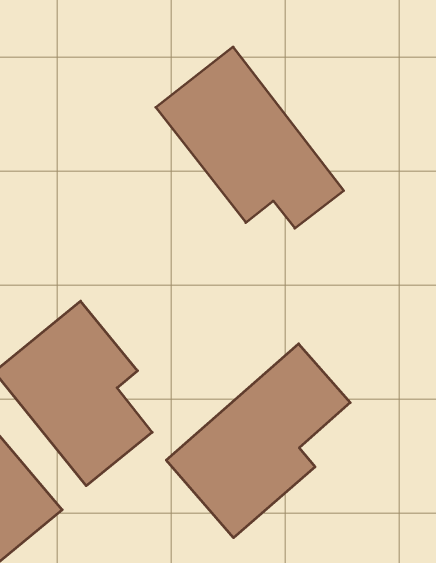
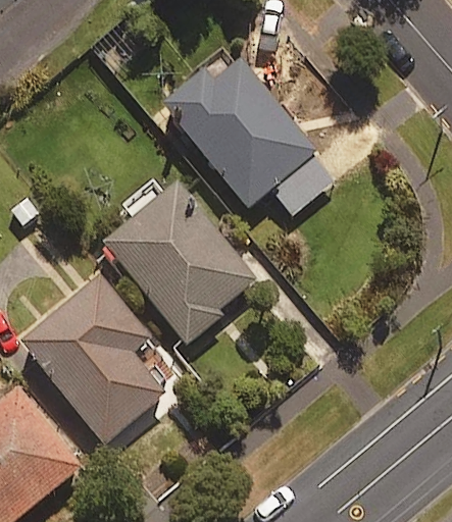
building: none -> [105,173,259,344]
building: [166,344,350,538] -> none

